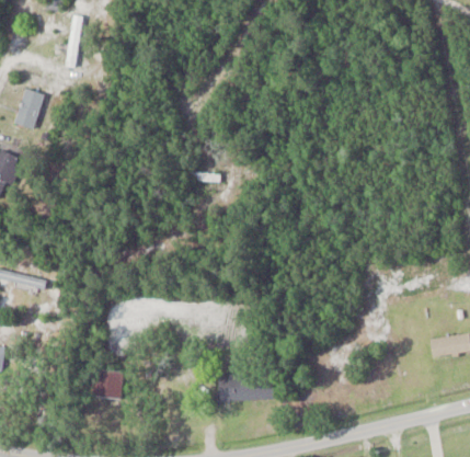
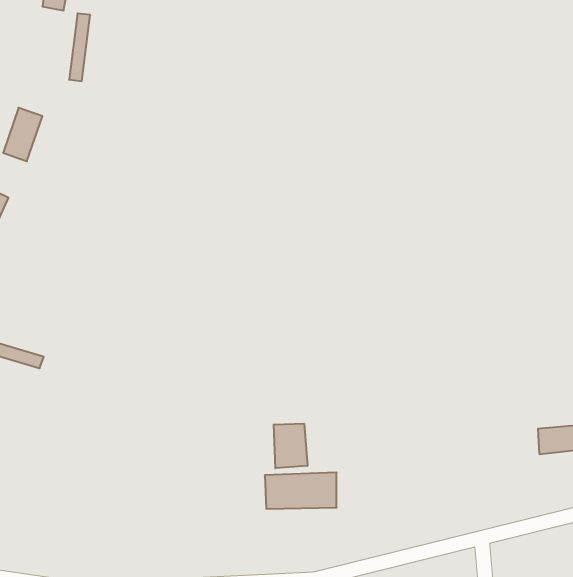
building: none -> [274,424,307,468]
building: [93,369,124,399] -> none

